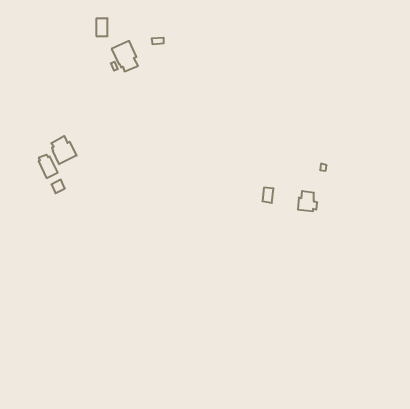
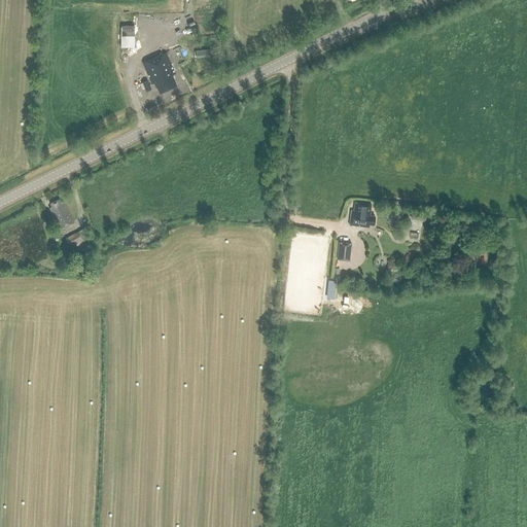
building: [51,136,77,164] -> none
building: [298,191,317,211] -> [350,201,375,226]

